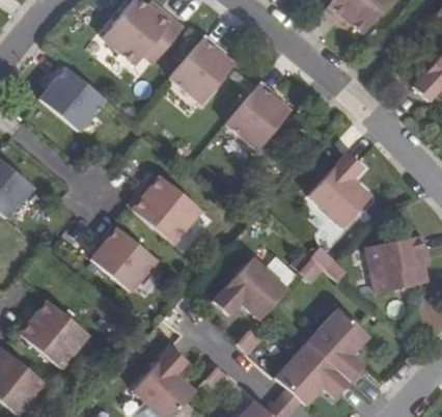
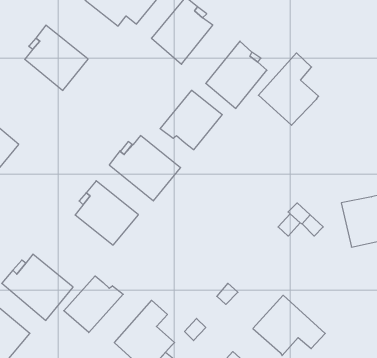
building: none -> [160,90,222,150]
building: [308,151,370,226] -> [258,53,319,125]
building: [213,257,286,319] -> none
building: [306,308,368,382] -> none
building: none -> [64,276,123,333]

